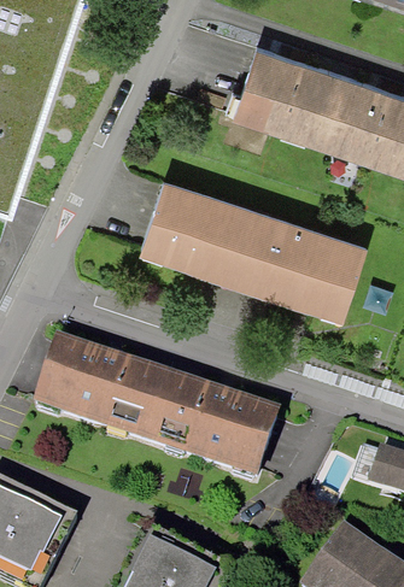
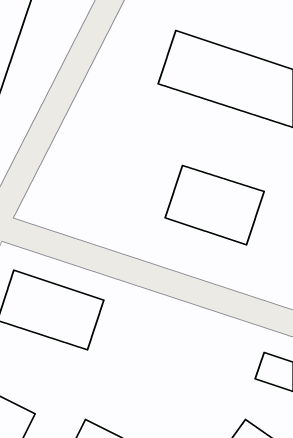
building: [142,180,265,278] -> none
building: [147,381,281,480] -> none

